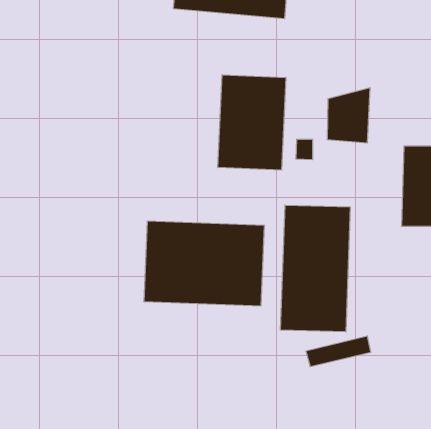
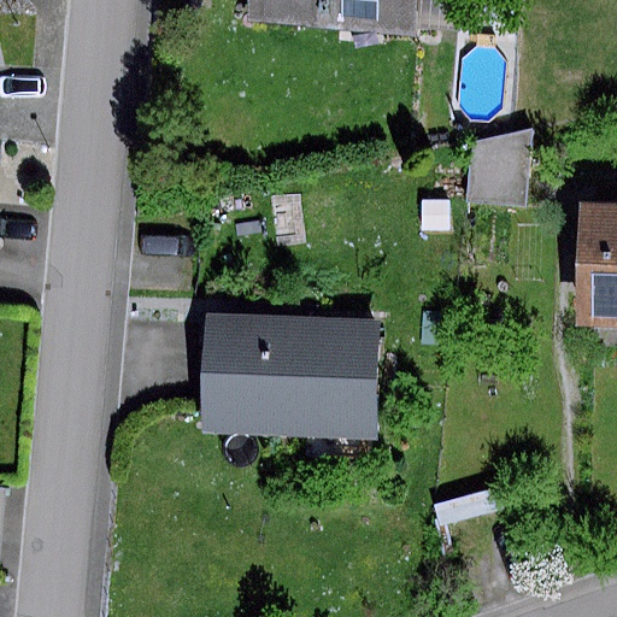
building: [218,75,286,170] -> none
building: [281,205,350,332] -> none

